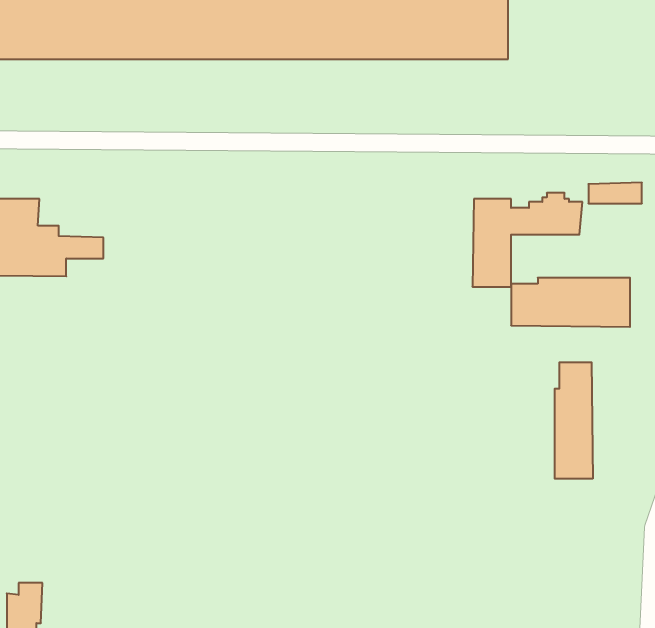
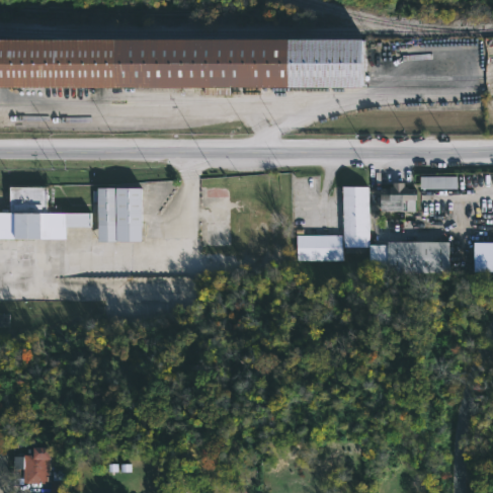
building: none -> [93,186,143,240]
building: none -> [296,234,341,259]
building: [555,362,593,479] -> none

